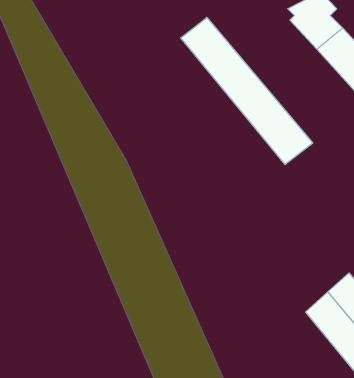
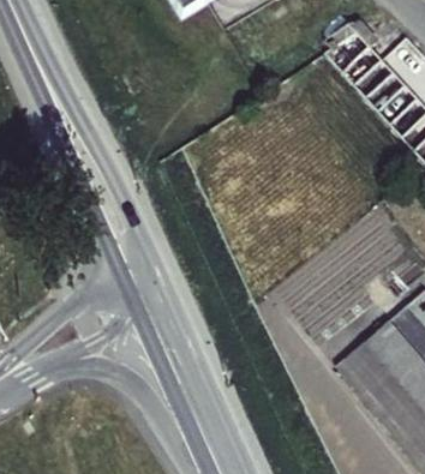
building: [181,17,313,165] -> none

